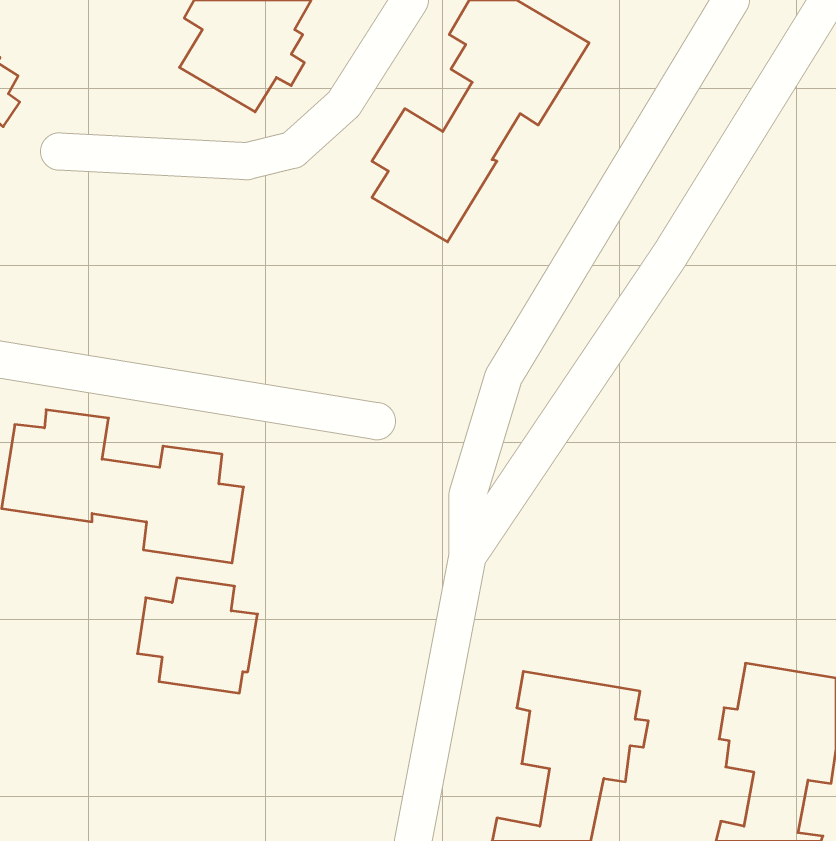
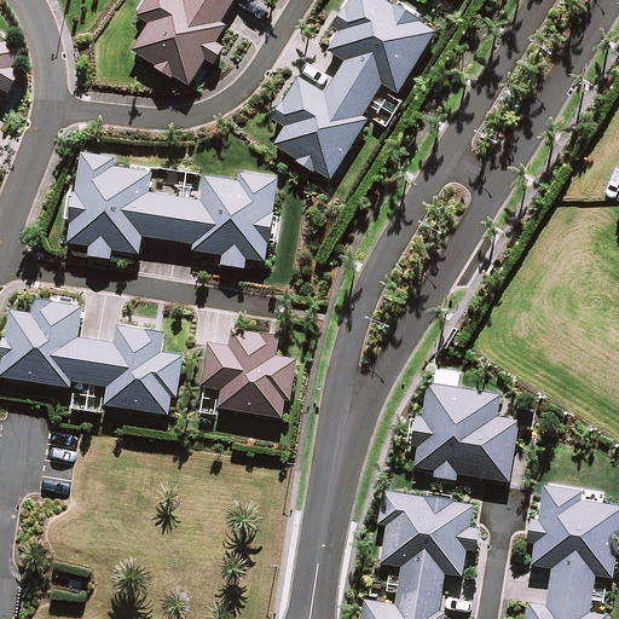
building: none -> [70,156,276,266]
building: none -> [410,386,519,482]
building: [137,578,258,693] -> [204,331,293,416]

